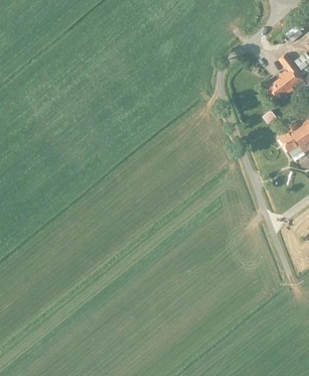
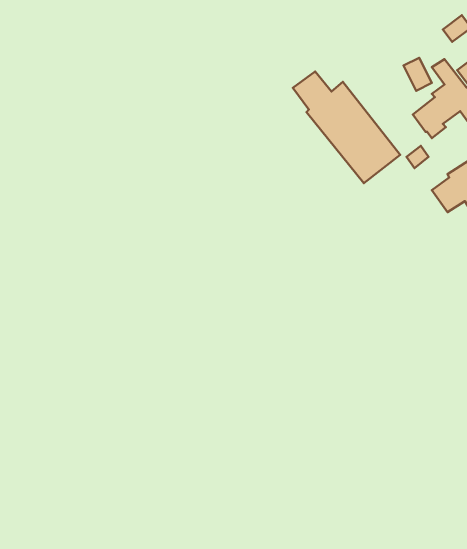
building: none -> [293,72,400,183]

